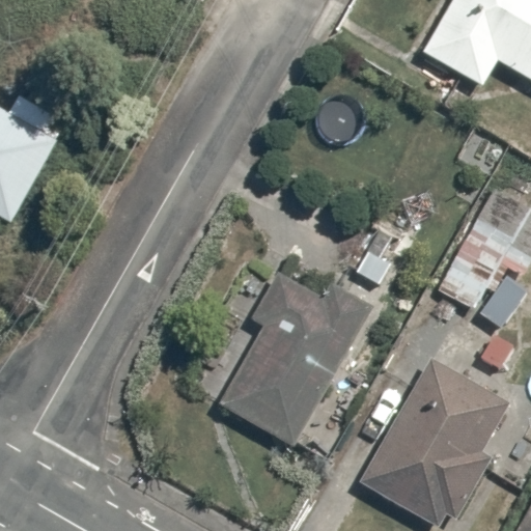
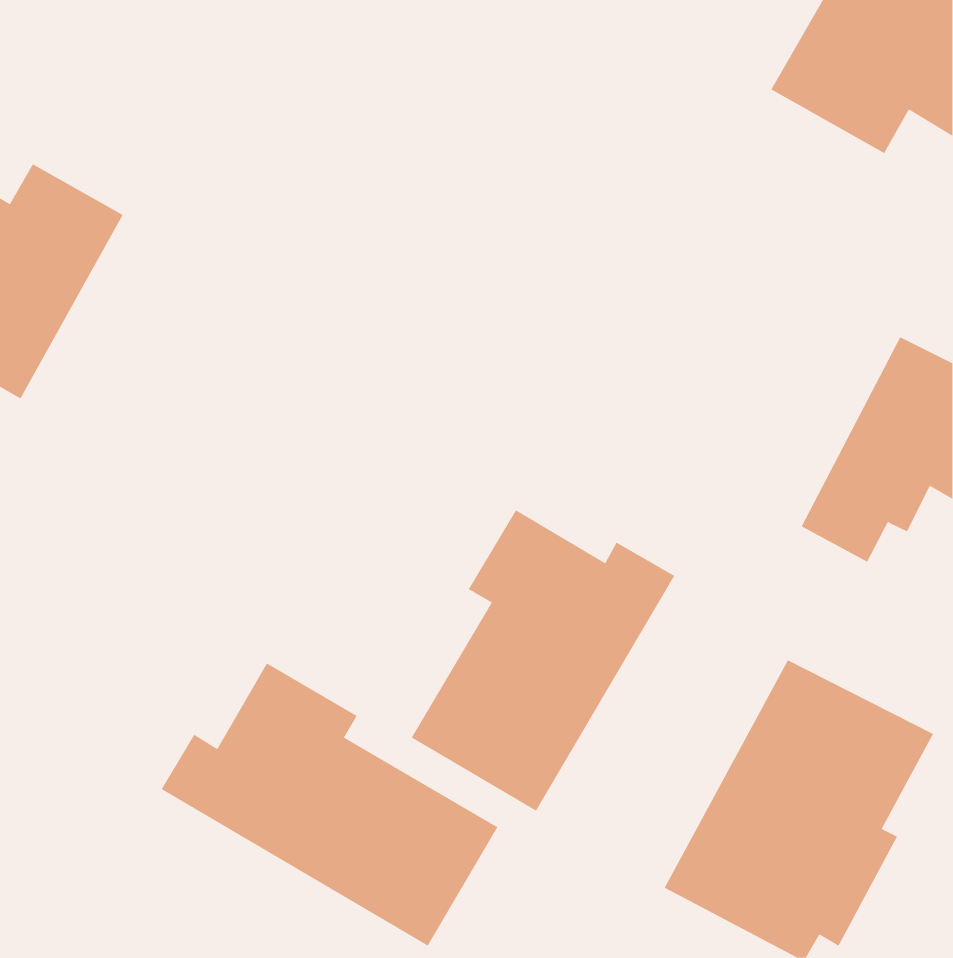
building: none -> [161,663,498,947]

